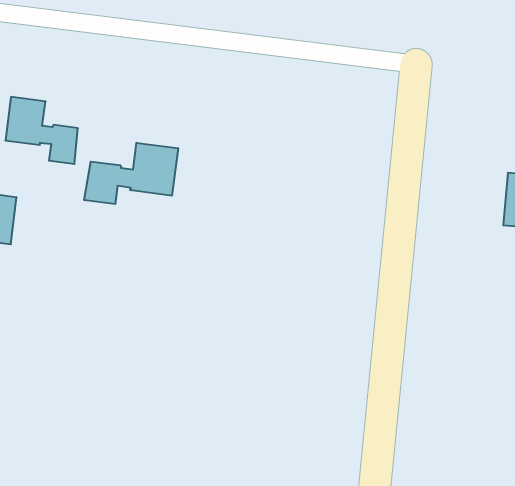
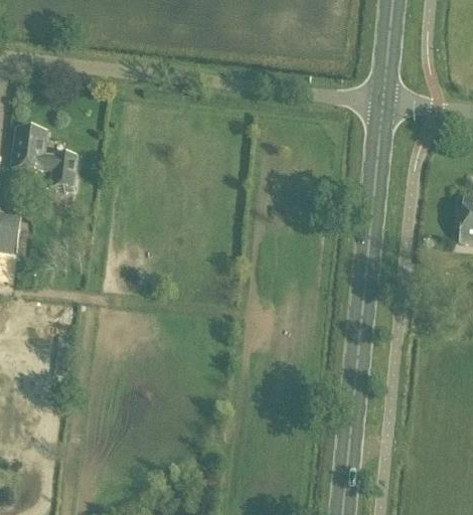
building: [84,143,178,204] -> none

